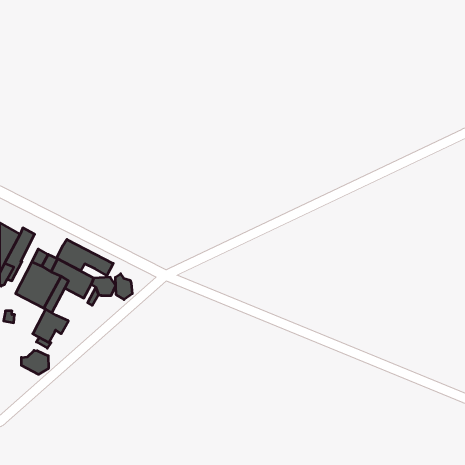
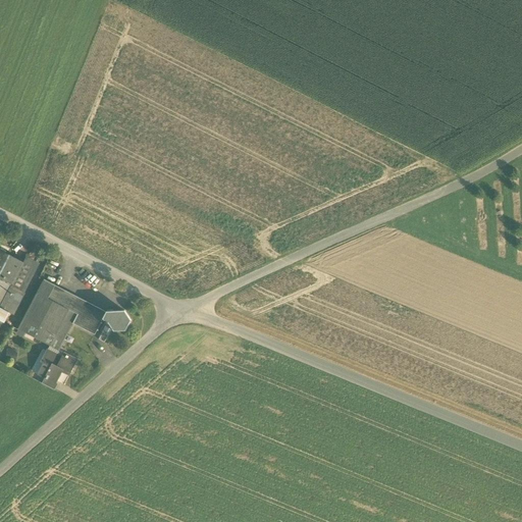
building: [57,239,113,275] -> none
building: [115,274,132,300] -> none
building: [21,350,48,374] -> none

